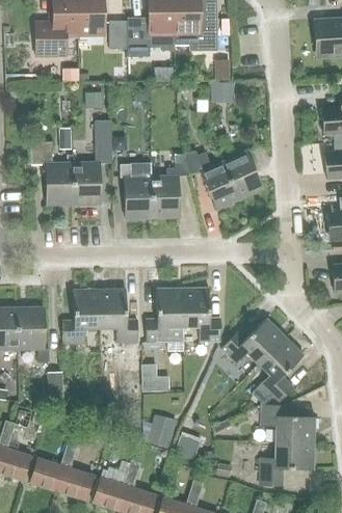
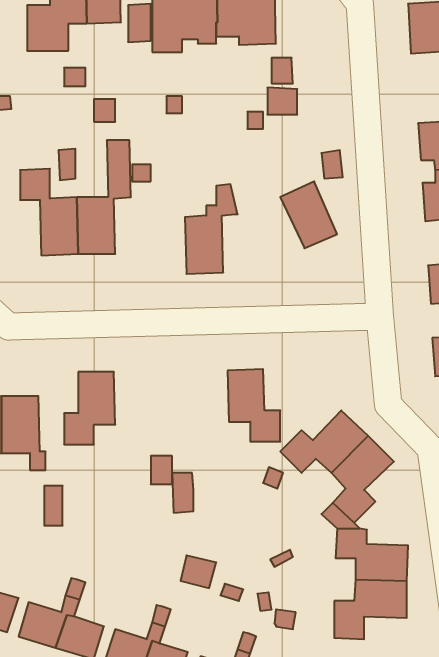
building: [185,150,239,209] -> none
building: [121,164,153,218] -> none
building: [100,289,138,342] -> none
building: [147,289,184,342] -> none

